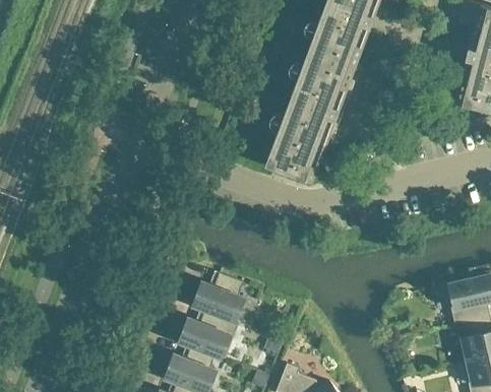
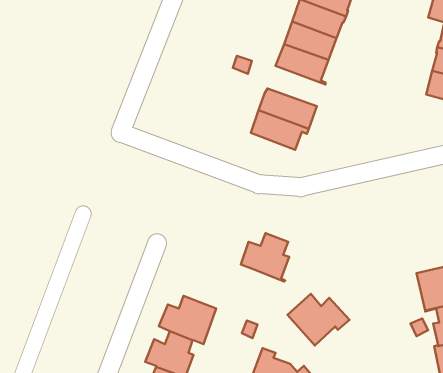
building: [291,72,351,114] -> none
building: [264,141,319,182] -> none
building: [193,272,243,322] -> [241,233,289,281]
building: none -> [288,294,349,345]

